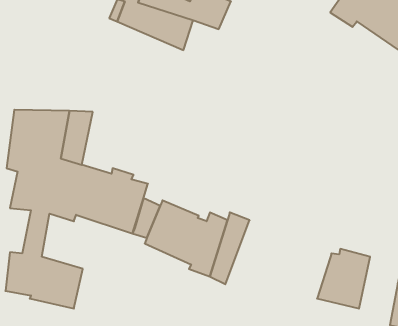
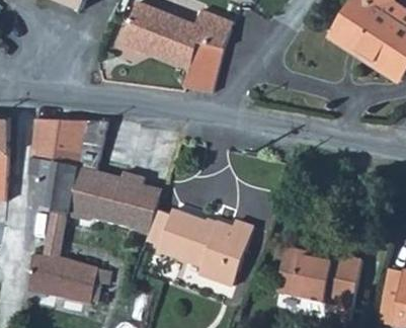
building: none -> [185,43,224,91]
building: none -> [274,252,324,299]

